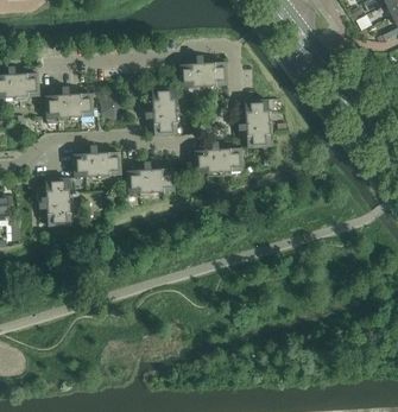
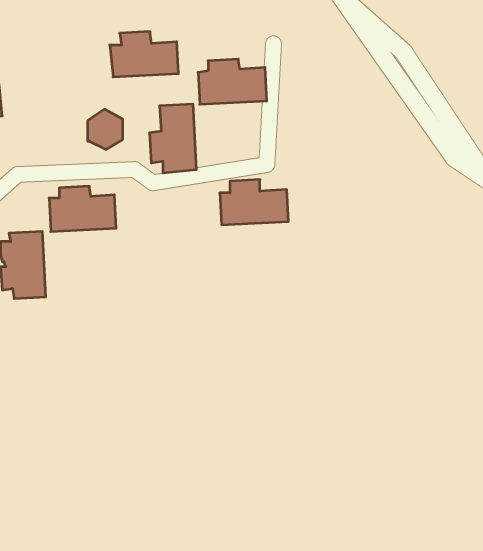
building: [45,85,94,118] -> [110,32,178,77]
building: [239,99,271,146] -> none
building: [127,160,176,192] -> none

